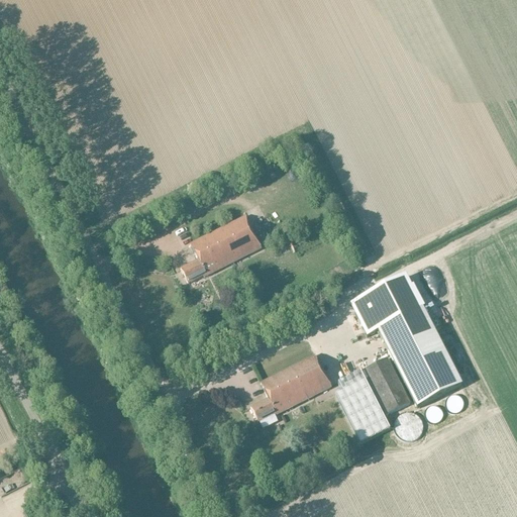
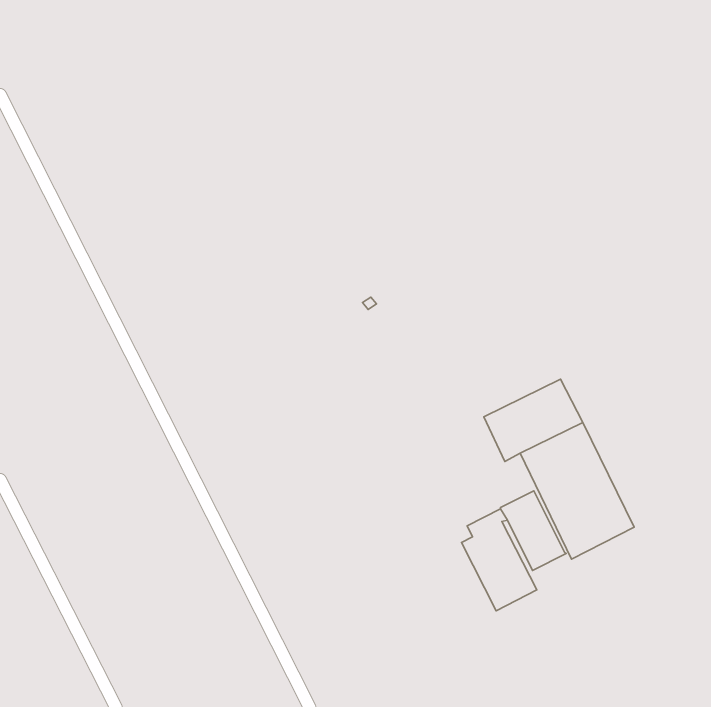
building: [181,214,262,281] -> none
building: [251,353,332,419] -> none

